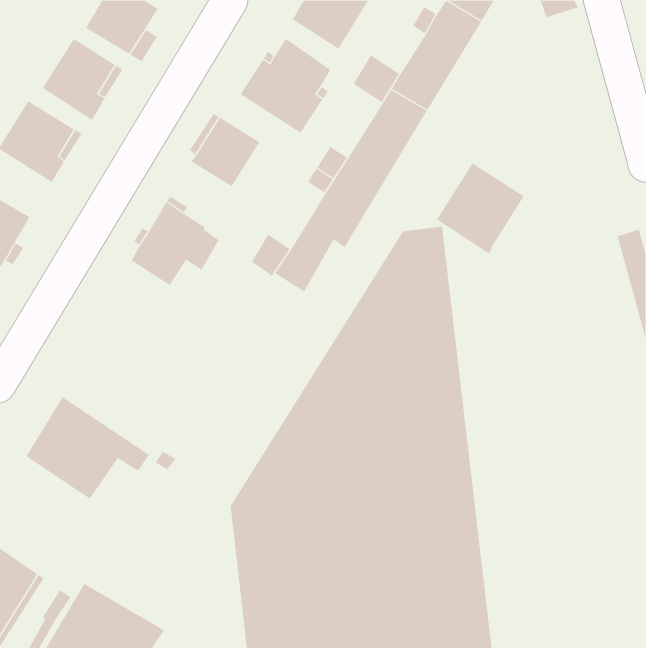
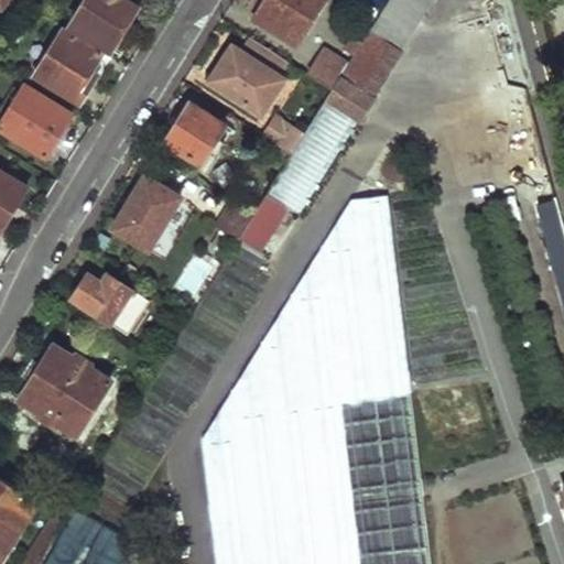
building: [436,163,525,255] -> none
building: none -> [73,272,147,332]

